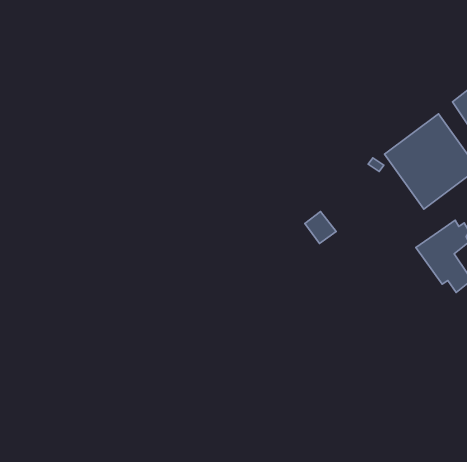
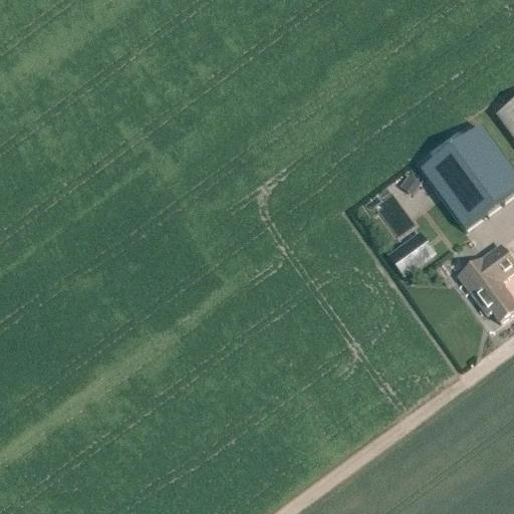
building: [305,211,336,244] -> [389,240,423,275]

